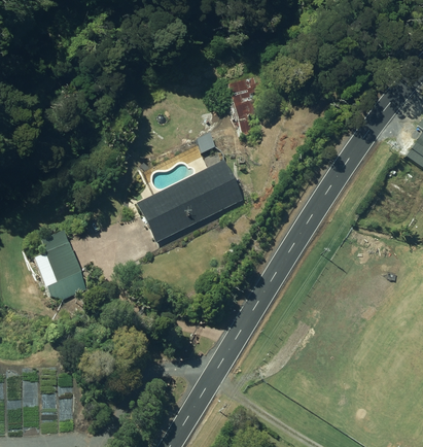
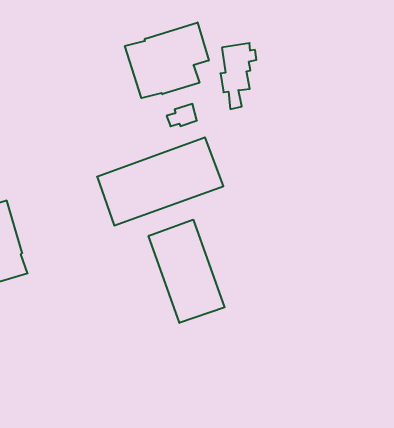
building: none -> [125,22,209,98]
building: none -> [149,220,225,323]

